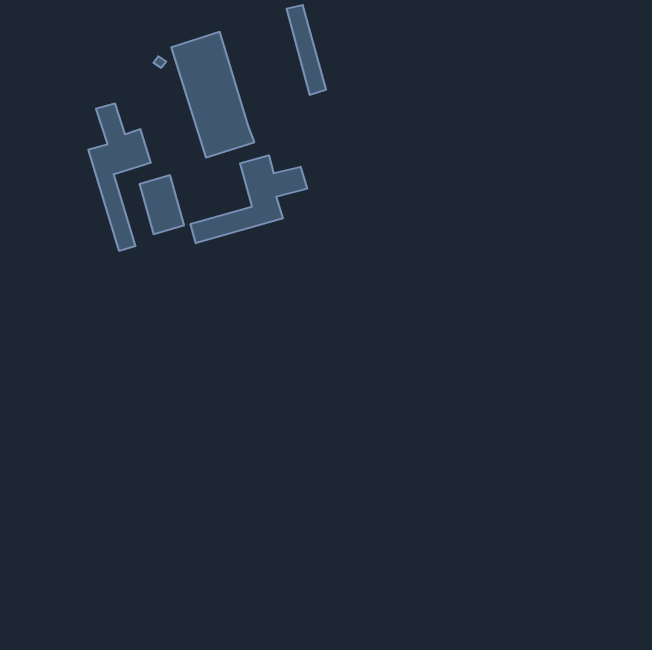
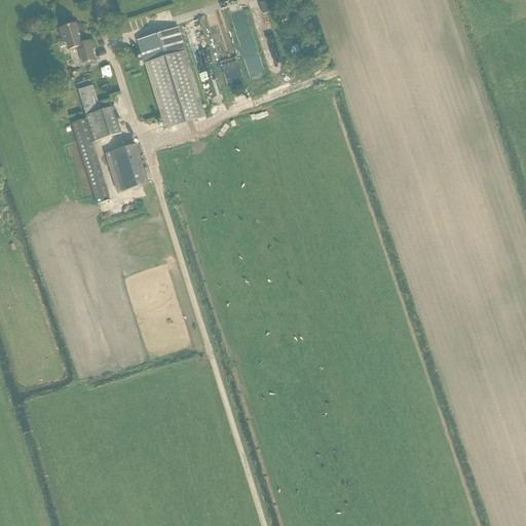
building: none -> [59,21,95,60]
building: [191,155,307,243] -> none

